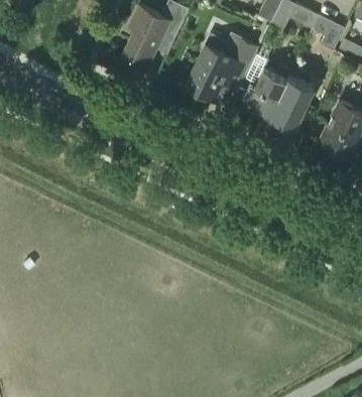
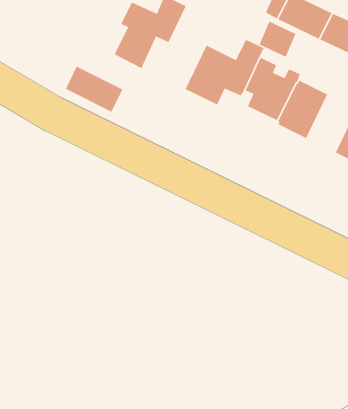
building: none -> [258,20,297,58]
building: none -> [65,65,123,113]

